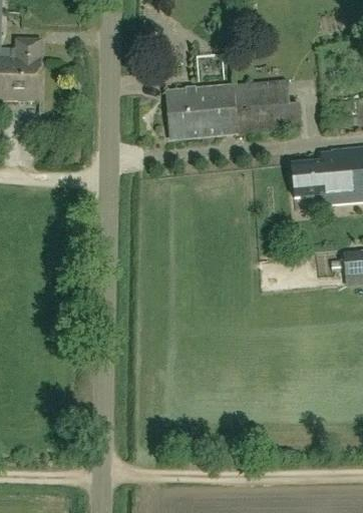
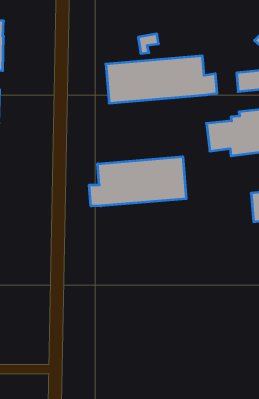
building: none -> [89,157,186,206]

